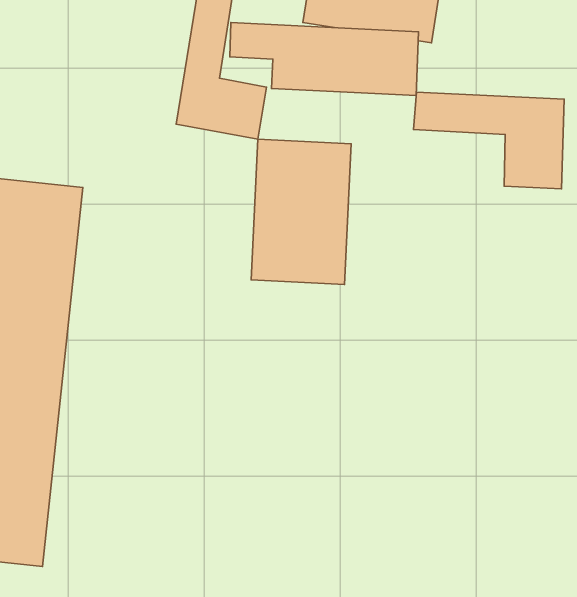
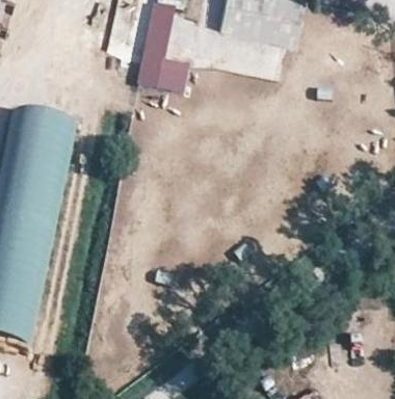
building: [413,92,564,189] -> none
building: [251,139,351,285] -> none

